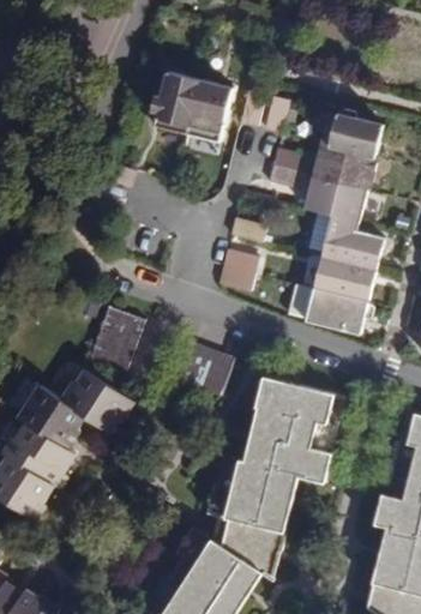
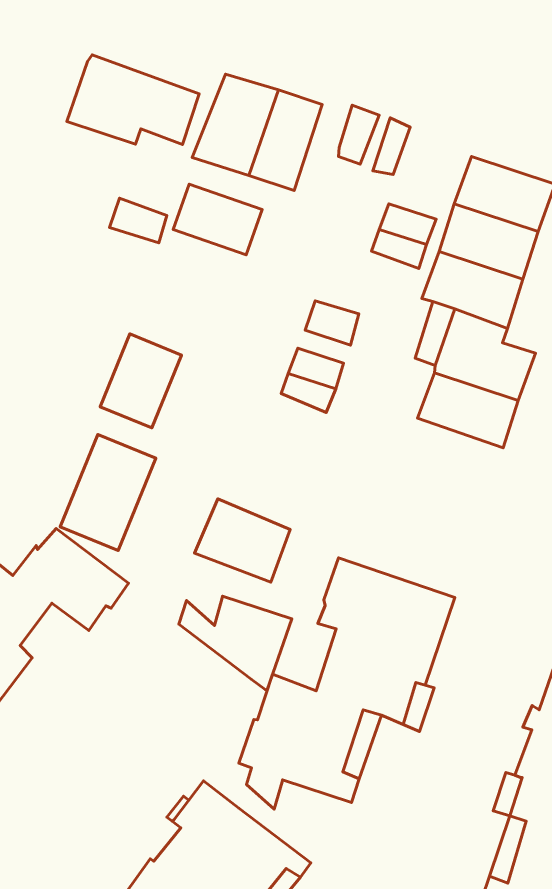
building: none -> [67,55,199,145]
building: none -> [173,184,262,255]
building: none -> [100,334,181,428]
building: [299,282,363,330] -> none
building: [213,520,285,578] -> [179,596,292,690]

